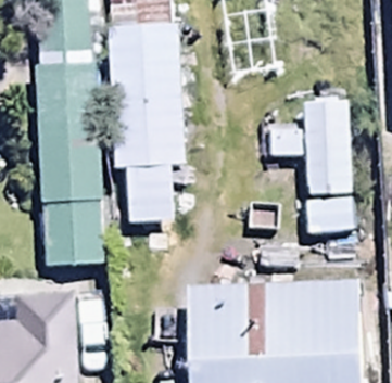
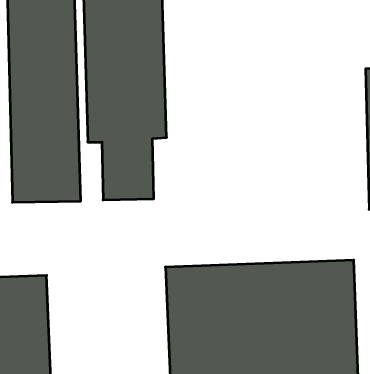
building: [266,97,353,232] -> none

